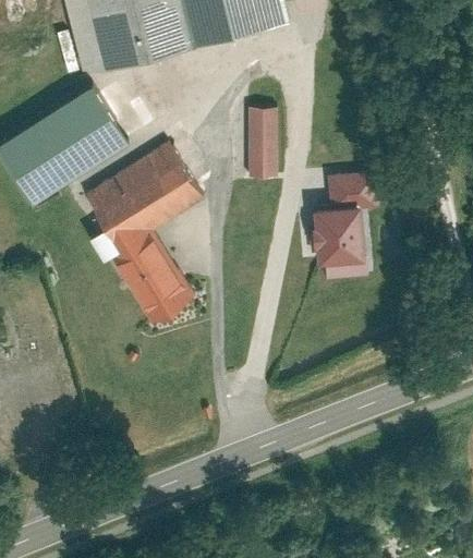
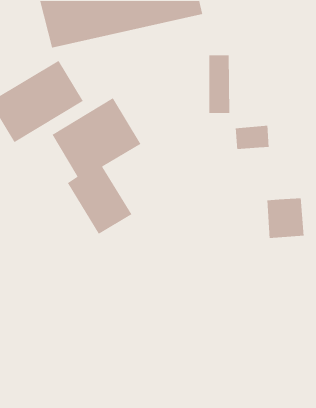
building: [246,99,276,179] -> [208,55,230,114]
building: [316,207,367,263] -> [266,197,305,239]

